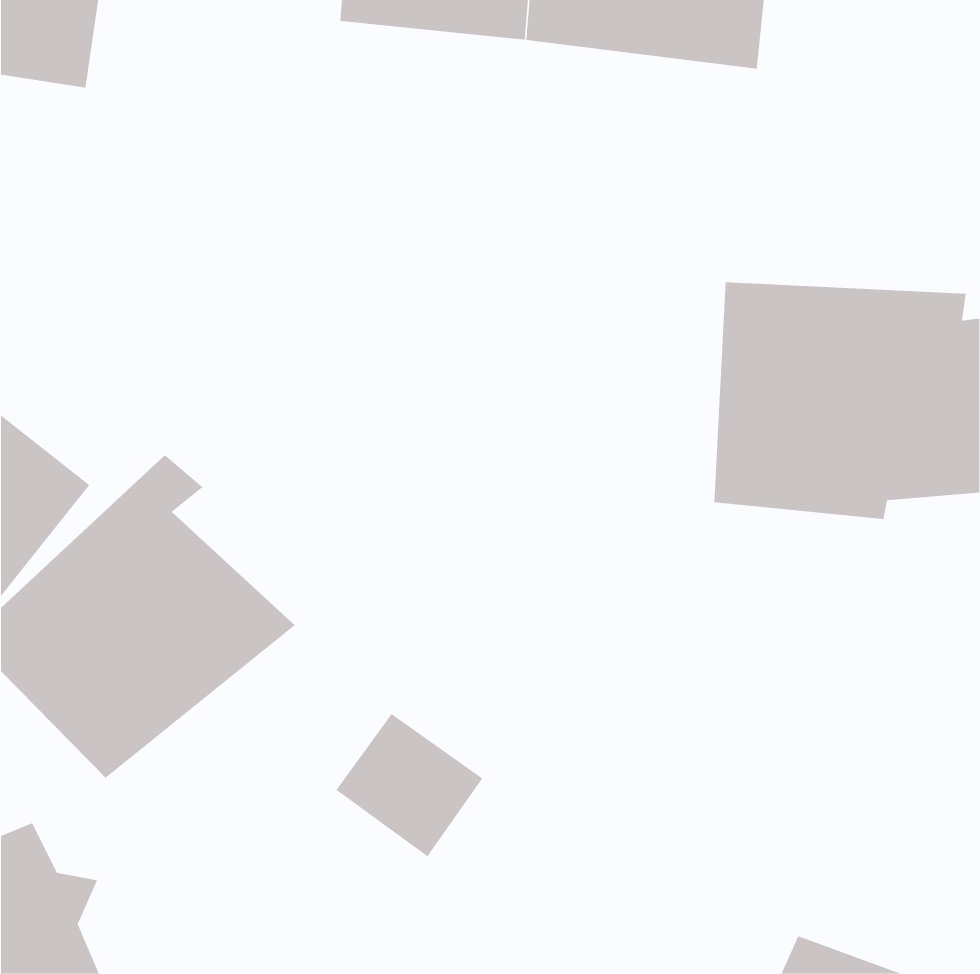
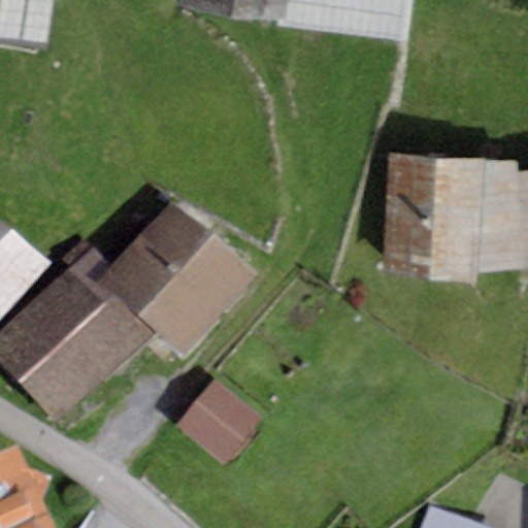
building: none -> [93,203,256,358]

